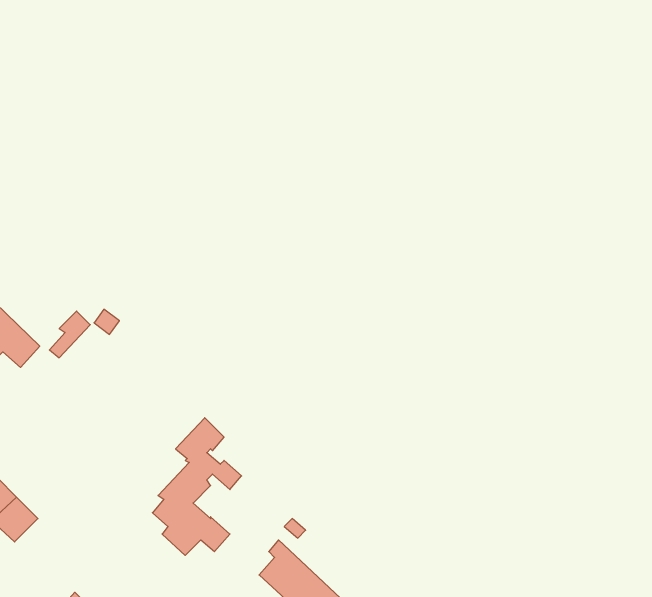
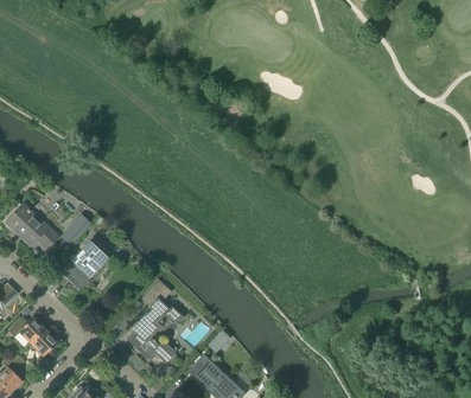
building: none -> [59,237,114,290]

